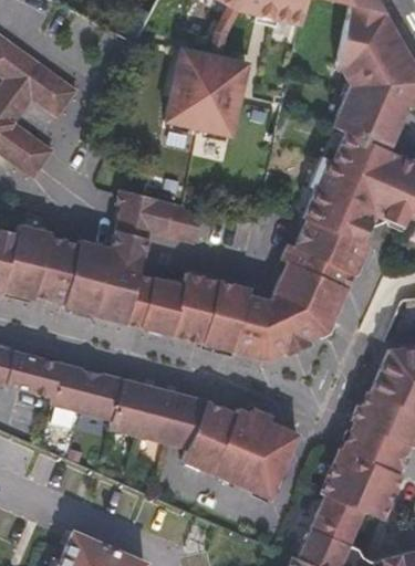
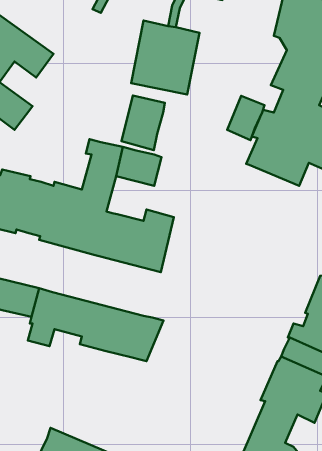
building: none -> [122,96,165,150]
building: none -> [227,96,264,140]
building: [204,220,365,360] -> none
building: [181,401,299,499] -> none

